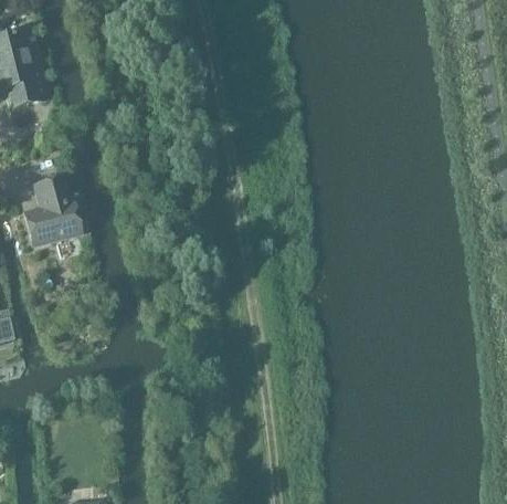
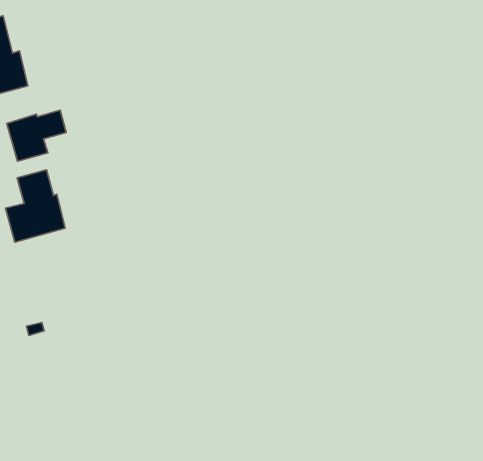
building: none -> [7,110,66,161]

